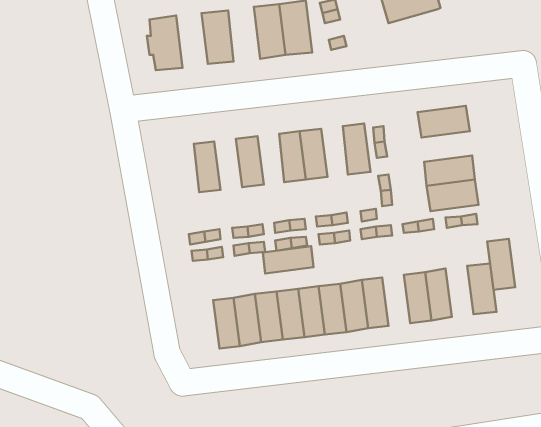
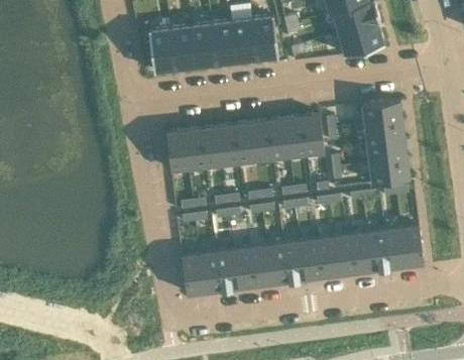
building: none -> [211,21,236,65]
building: none -> [338,23,383,55]
building: none -> [169,26,195,70]
building: none -> [284,116,306,156]
building: none -> [364,120,404,144]
building: none -> [234,122,255,162]
building: none -> [200,126,222,166]
building: none -> [165,130,188,170]
building: [487,239,515,290] -> [383,227,405,267]
building: [263,246,314,274] -> none
building: none -> [333,234,355,274]
building: none -> [182,254,204,294]

